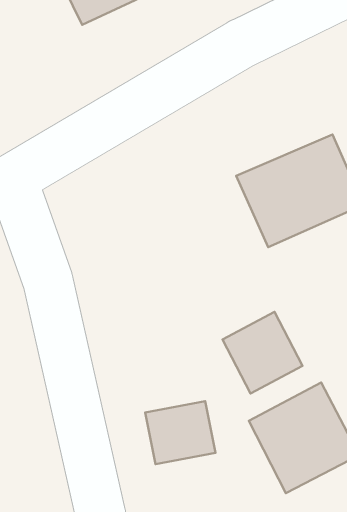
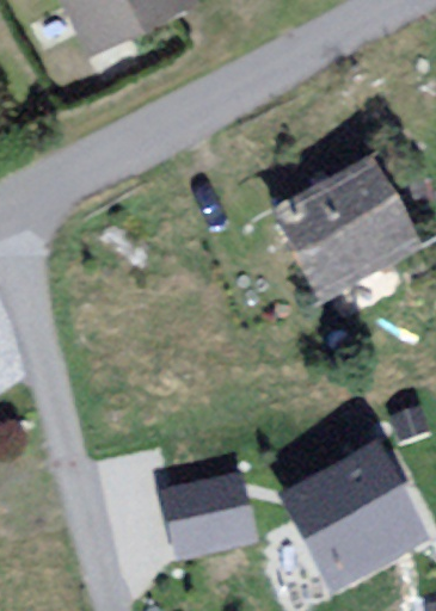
building: [222,312,303,393] -> none

